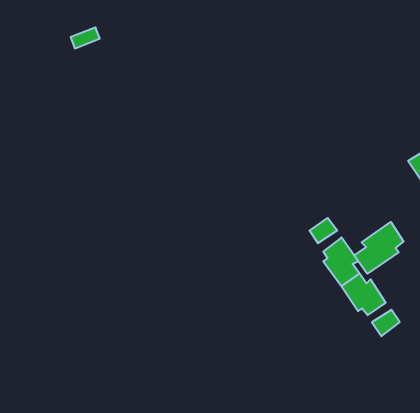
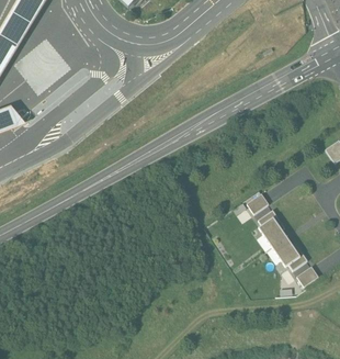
building: [354,222,403,274] -> none

